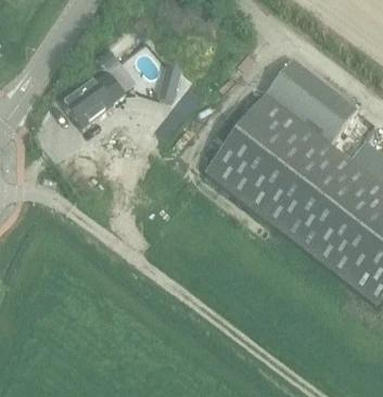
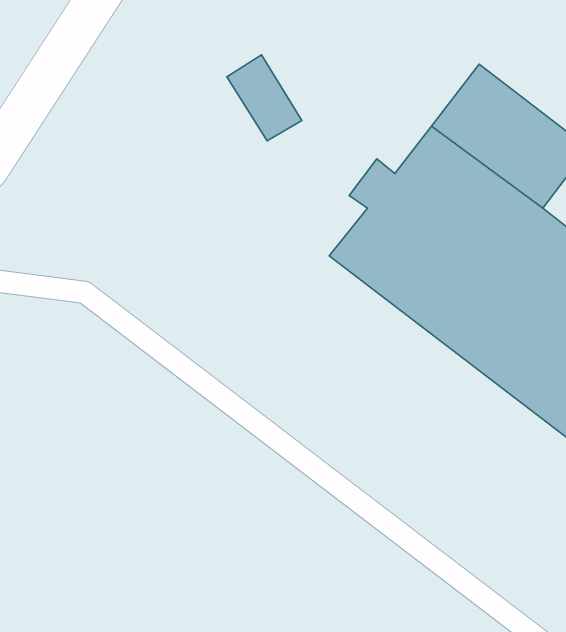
building: [62,67,125,126] -> none

